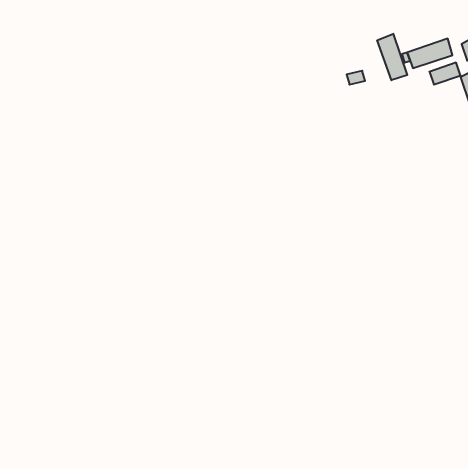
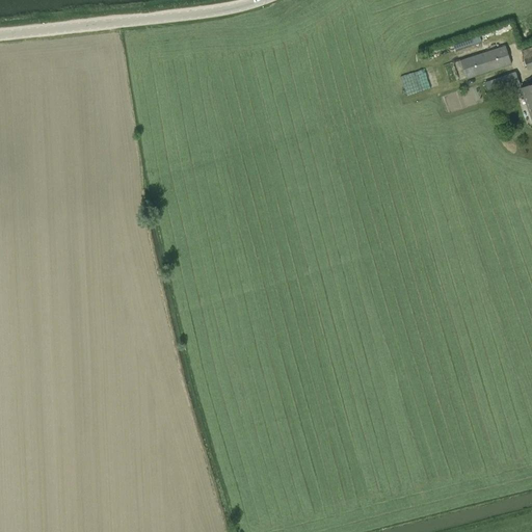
building: [377,34,407,80] -> none

